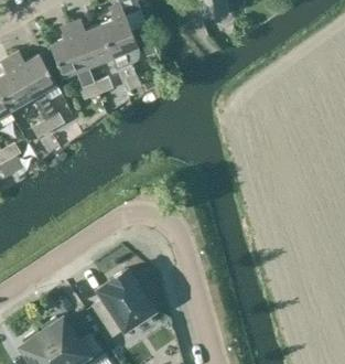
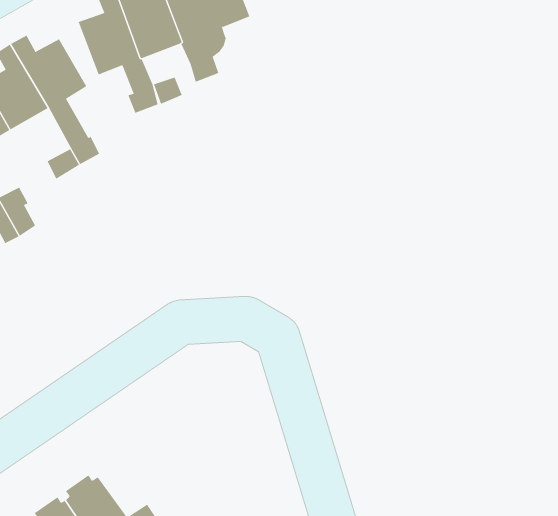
building: [93,269,152,335] -> none

